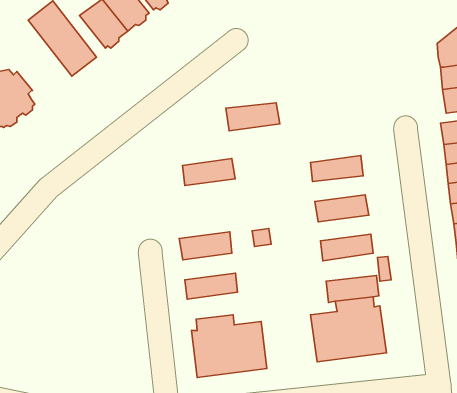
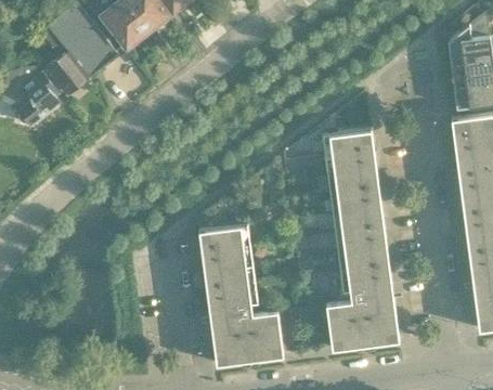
building: none -> [39,22,94,98]
building: [226,103,280,131] -> [322,132,374,159]
building: [183,159,235,186] -> [202,247,252,273]
building: none -> [327,172,378,197]
building: none -> [333,210,384,235]
building: none -> [337,247,389,274]
building: none -> [206,285,257,312]

